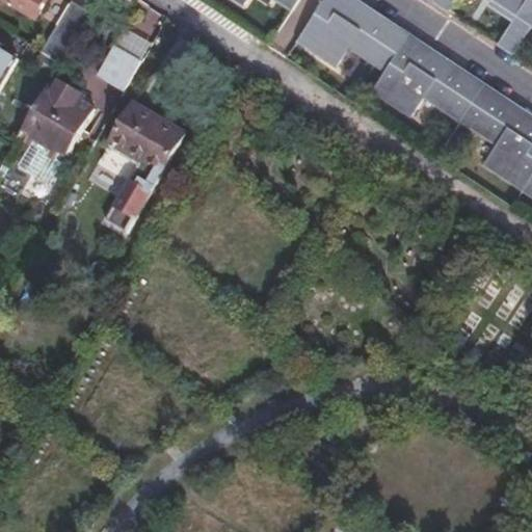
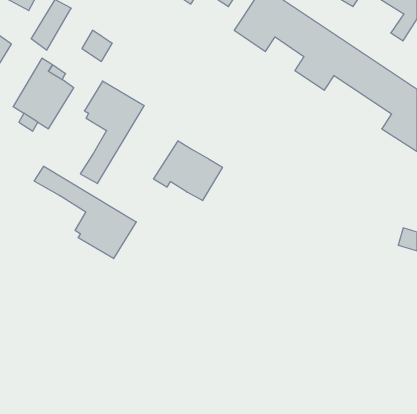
building: none -> [154,141,222,201]
building: none -> [34,166,136,259]

